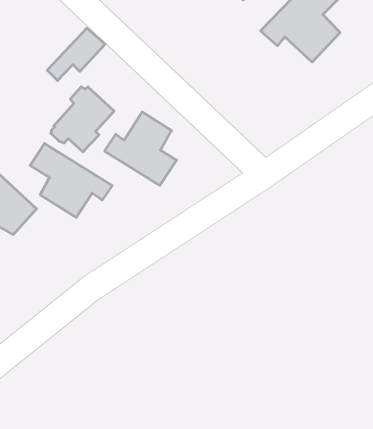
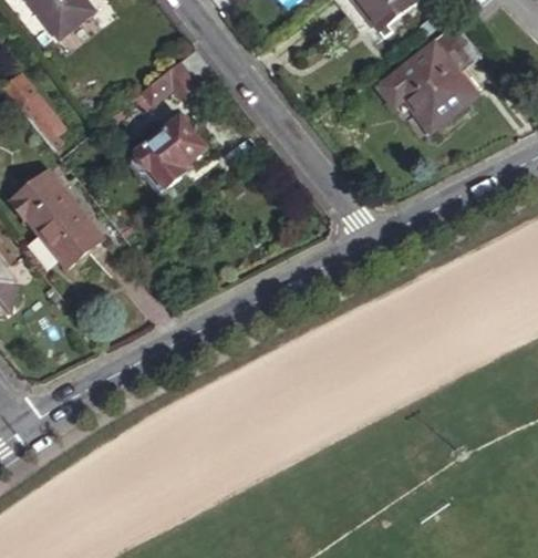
building: [105,112,177,185] -> none
building: [30,143,112,217] -> none

